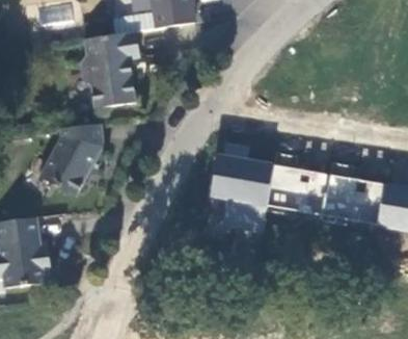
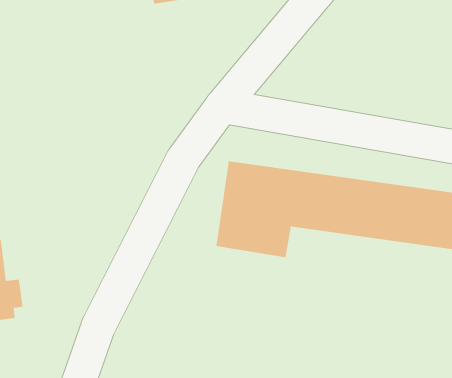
building: [78,31,137,108] -> none
building: [38,124,103,195] -> none

